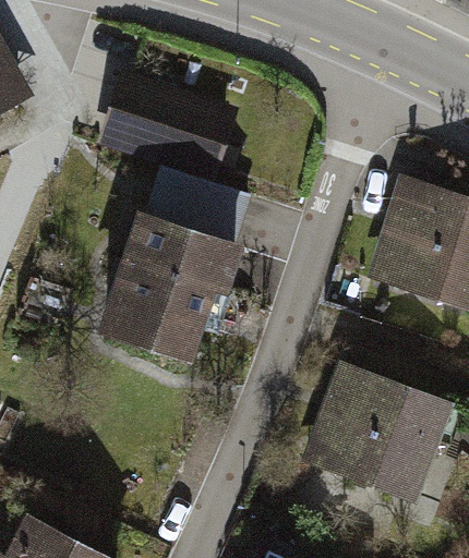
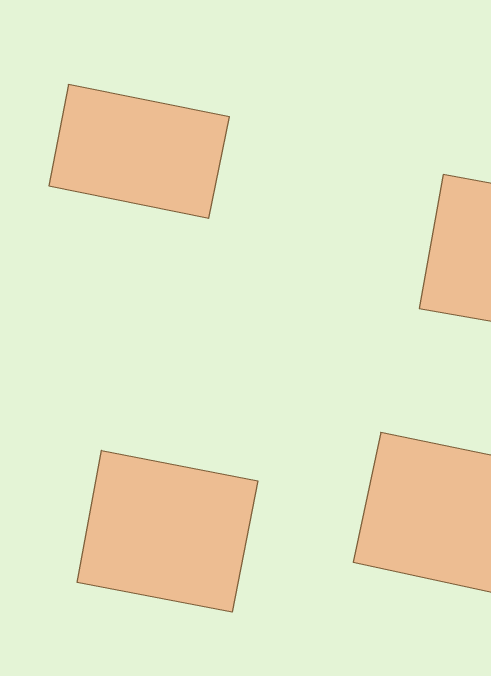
building: [94,207,242,356] -> none
building: none -> [77,450,258,612]

